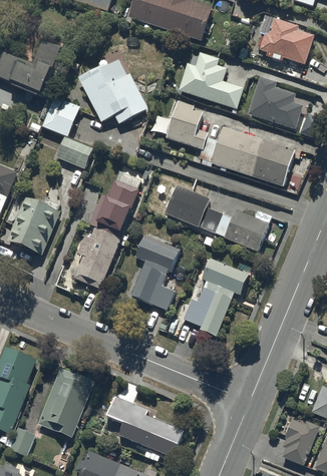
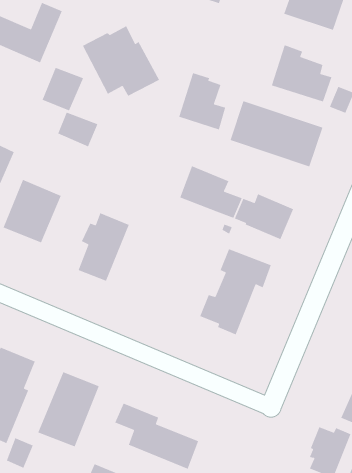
building: [179,52,244,108] -> none
building: [89,179,139,237] -> none
building: [131,235,180,310] -> none

